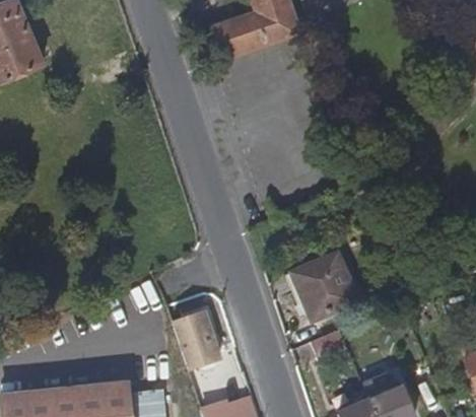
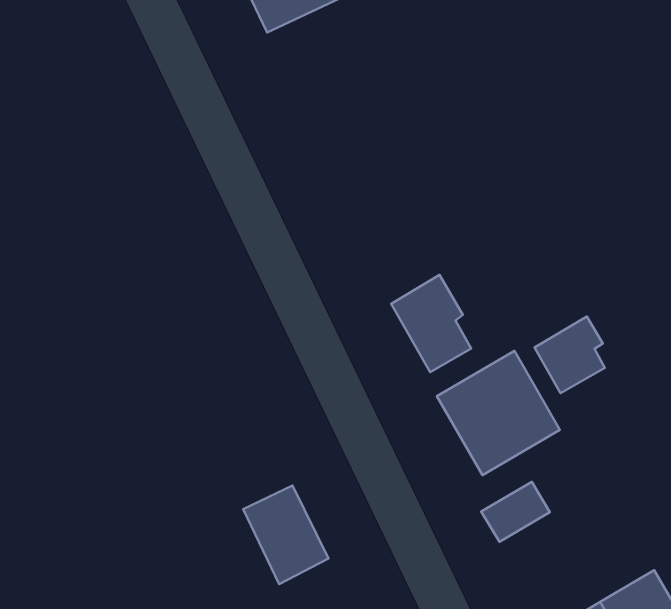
building: none -> [391,275,471,372]
building: none -> [535,317,605,393]

